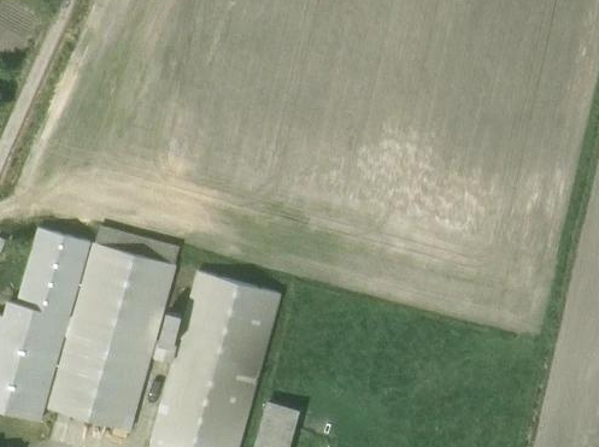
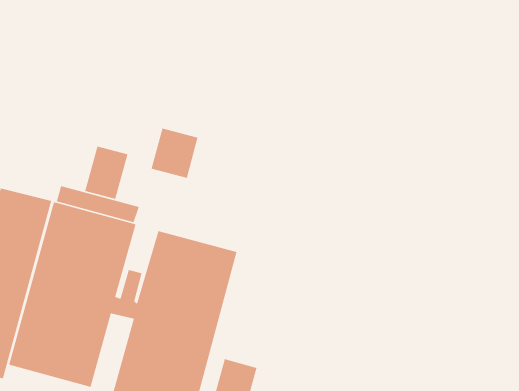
building: none -> [150,128,199,179]
building: none -> [84,145,128,200]

